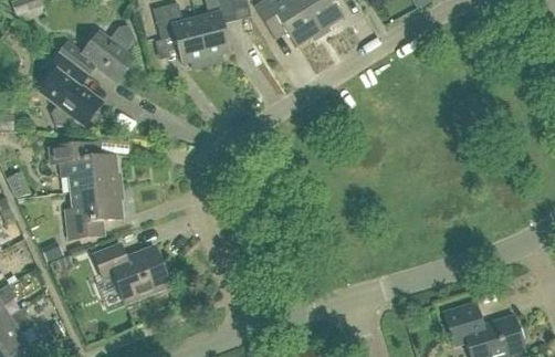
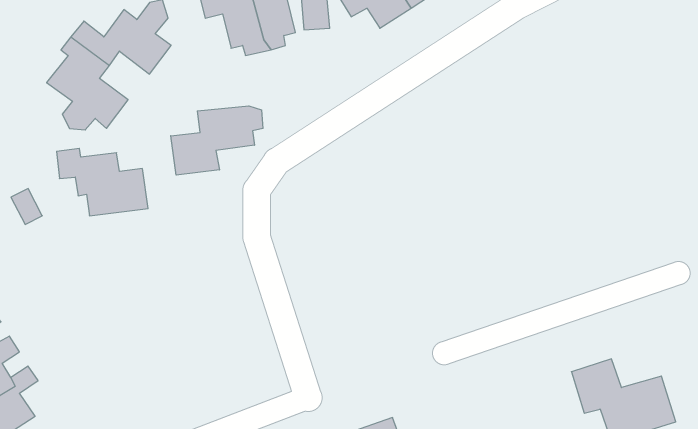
building: none -> [171,106,263,175]
building: [65,186,119,238] -> none
building: [92,242,170,303] -> none

